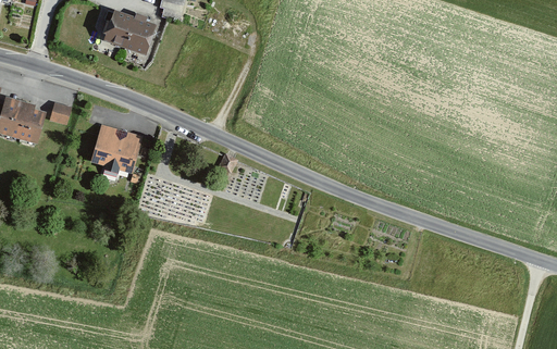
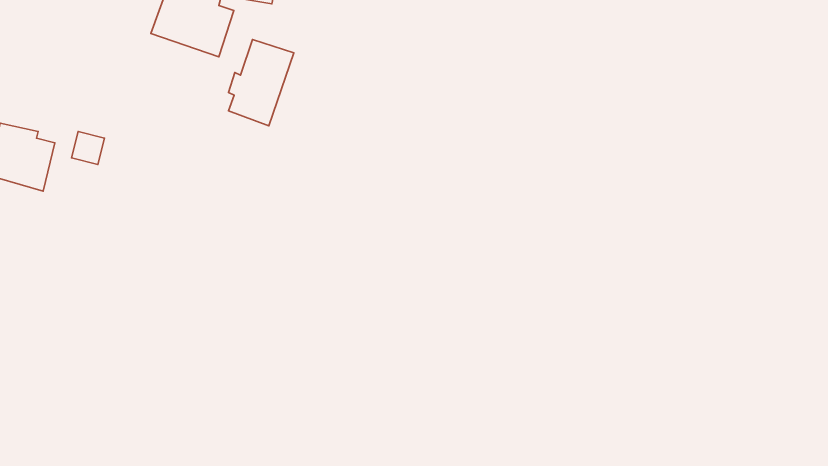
building: none -> [228,39,294,126]
building: [88,125,141,176] -> none

